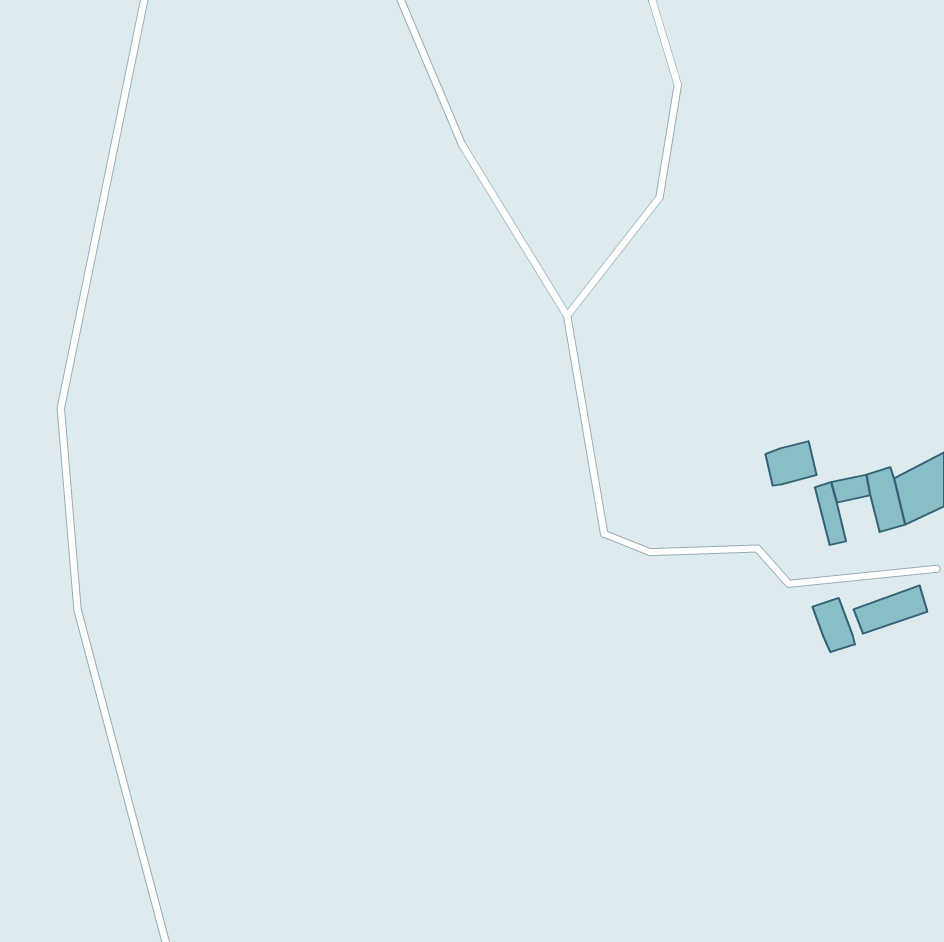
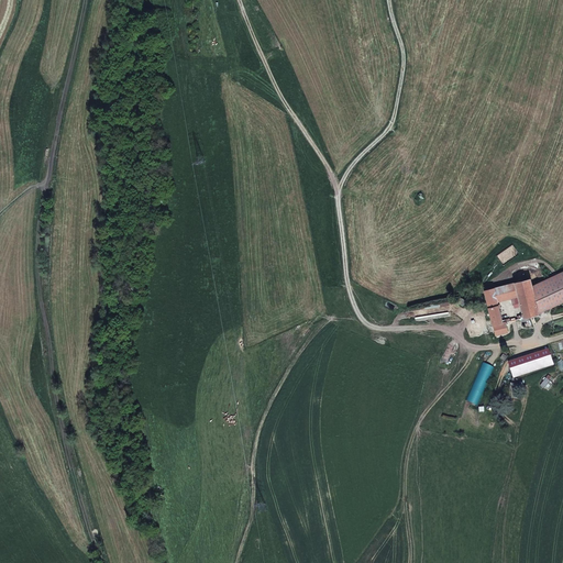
building: [766,441,817,486] -> none
building: [813,598,855,652] -> none

